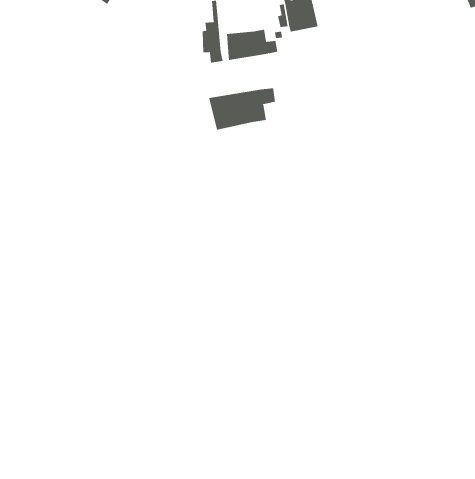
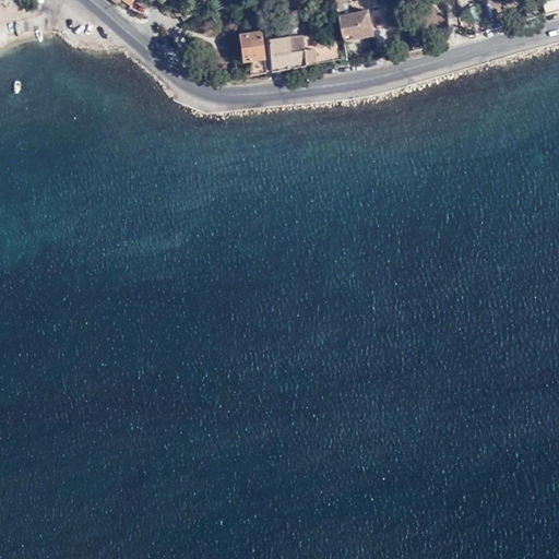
building: [208,87,276,131] -> none

